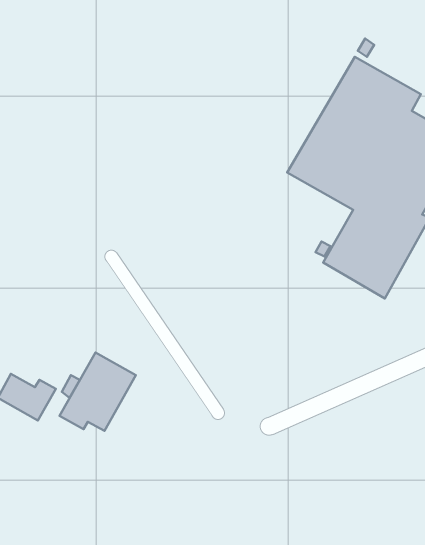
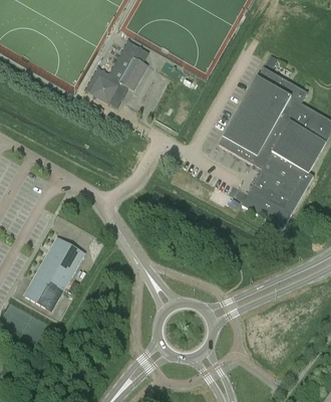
building: none -> [85,49,147,103]
building: [59,353,136,431] -> [33,236,84,288]

